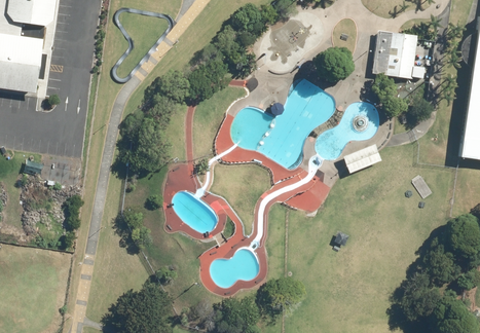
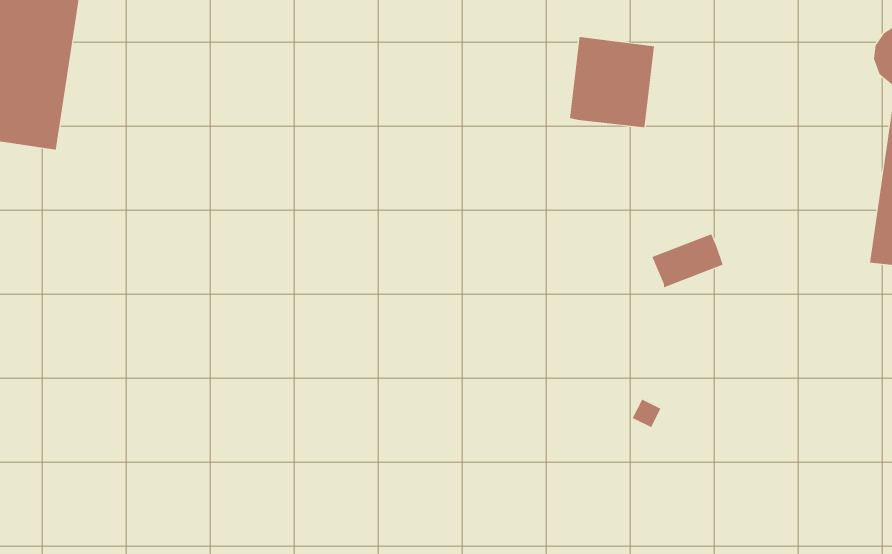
building: [375,30,420,78] -> [569,37,655,128]

